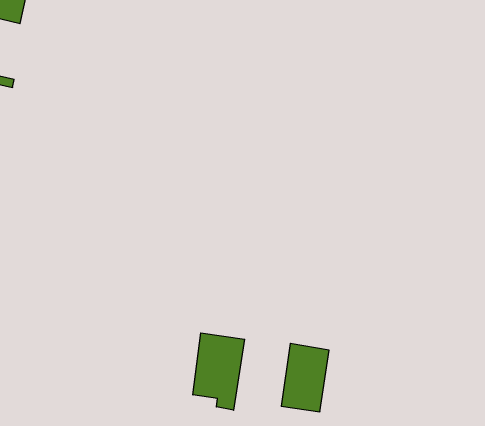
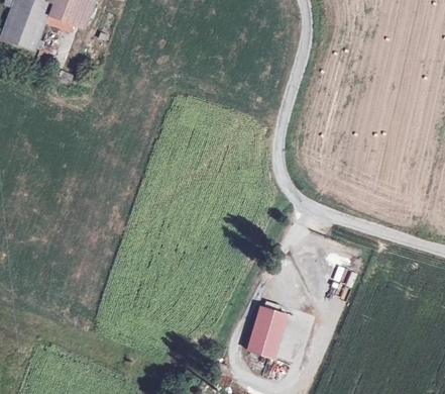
building: [193,333,245,410] -> none

